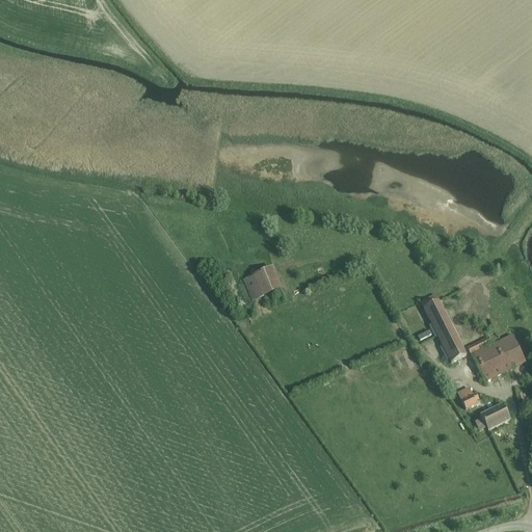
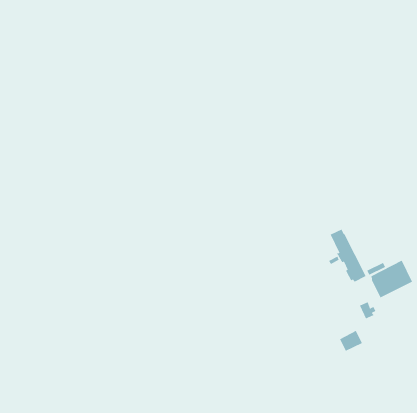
building: [240,264,282,299] -> none
building: [480,401,510,428] -> [339,330,363,351]

